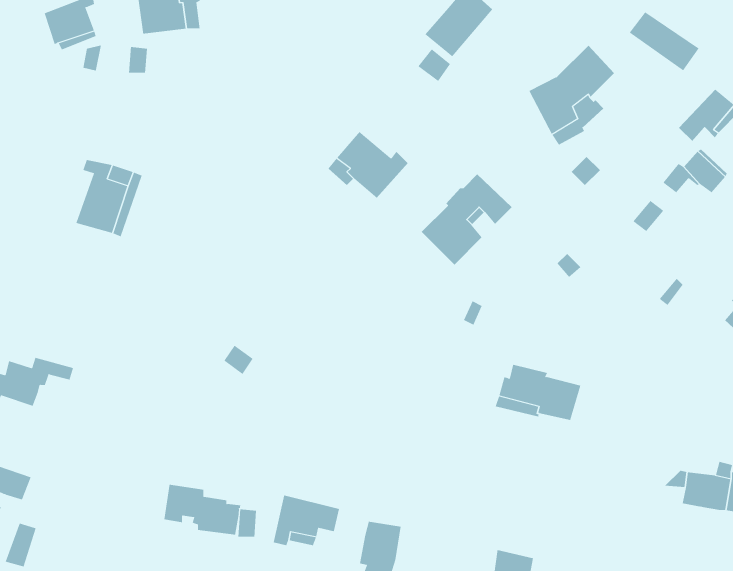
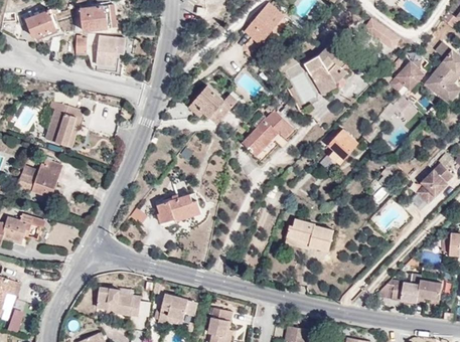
building: none -> [97,36,125,72]
building: none -> [328,129,358,164]
building: none -> [19,159,63,197]
building: none -> [159,193,201,221]

